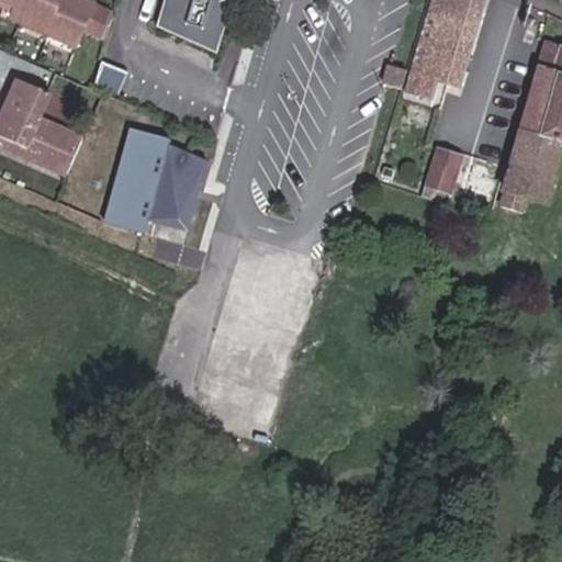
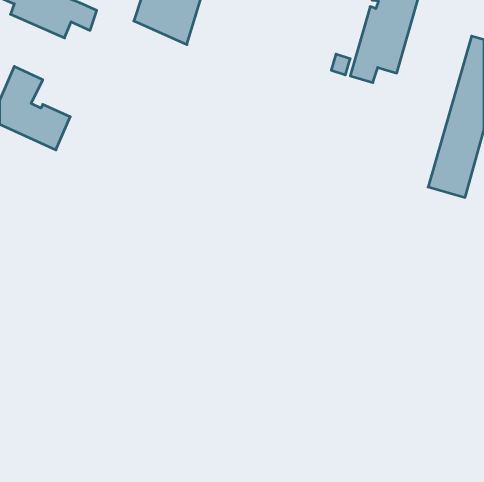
building: [106,130,206,229] -> none
building: [423,147,461,202] -> none

